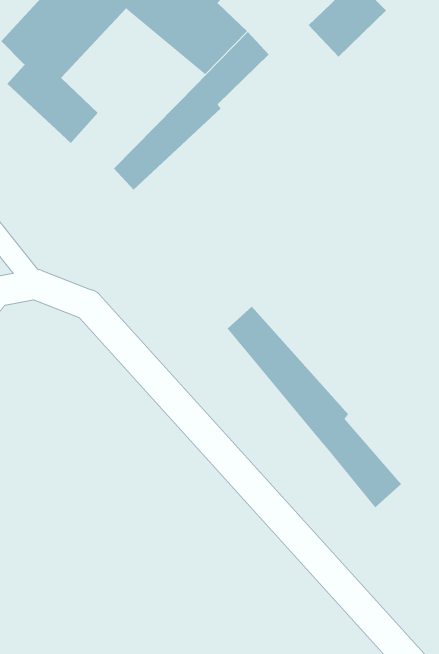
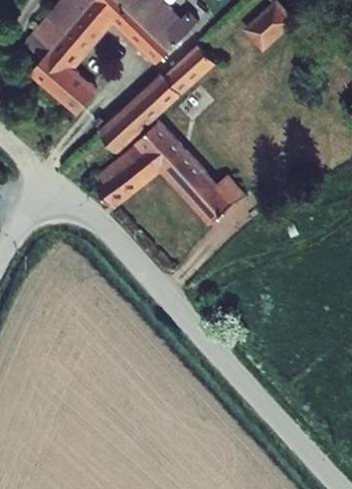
building: none -> [99,117,231,222]
building: [227,306,402,508] -> none

